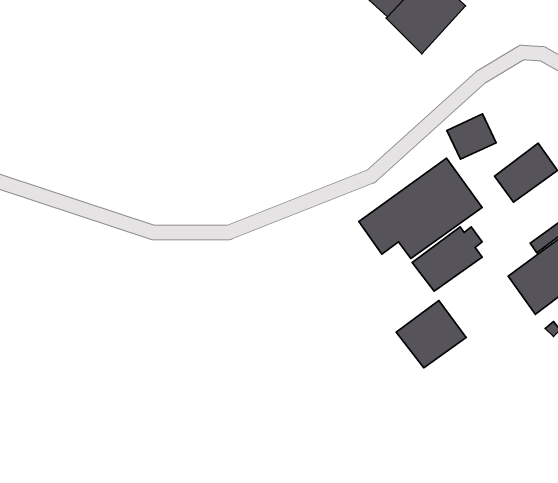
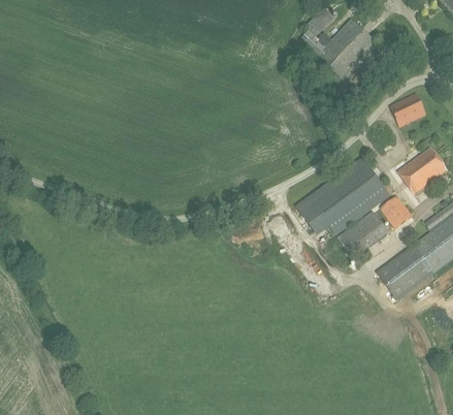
building: [447,114,496,159] -> [389,92,426,126]
building: none -> [381,195,412,226]
building: [396,300,466,368] -> [377,248,429,298]

